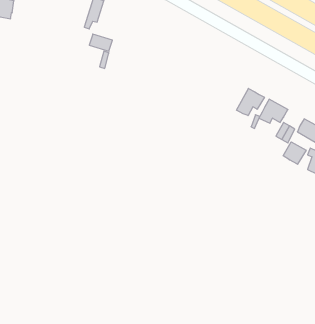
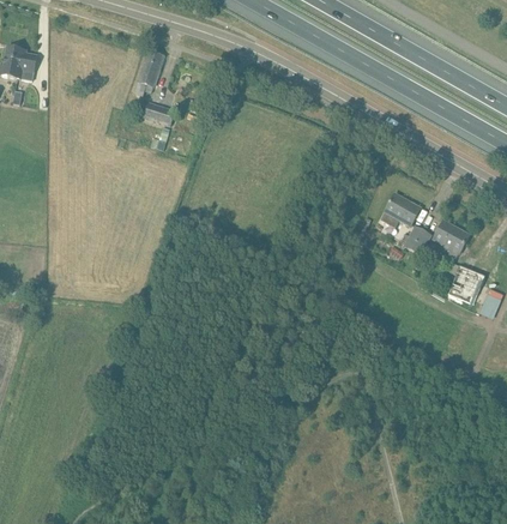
building: [237,88,264,116] -> none
building: [283,142,306,164] -> none

